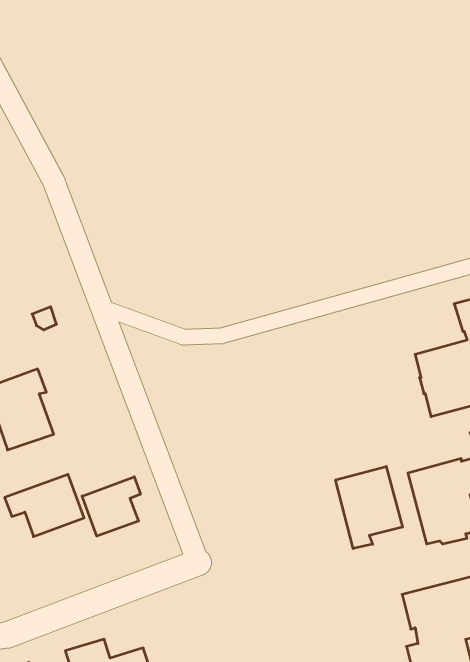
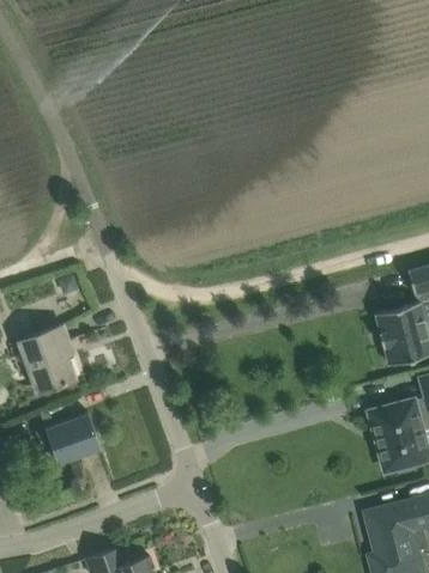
building: [336,466,403,549] -> none
building: [82,477,140,536] -> none

